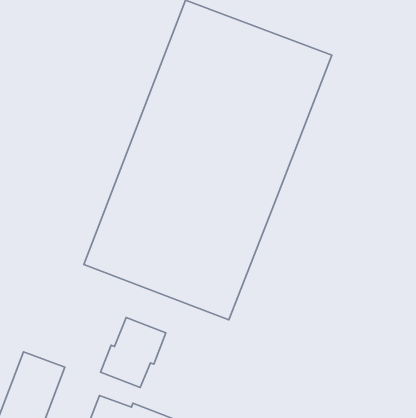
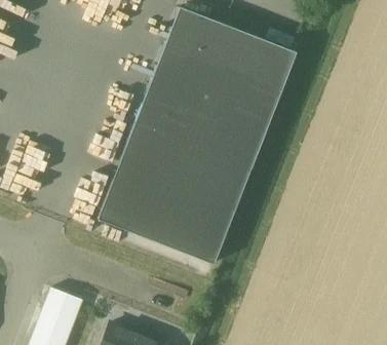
building: [100,317,166,387] -> none

